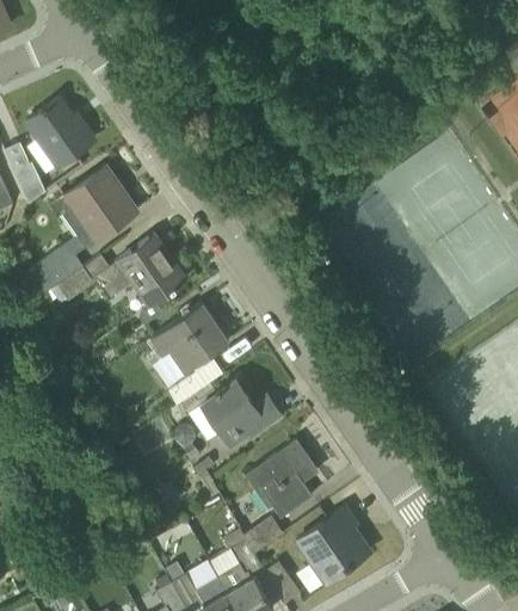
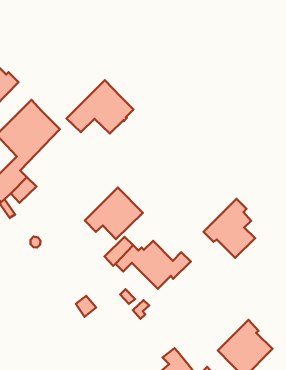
building: [95,235,186,307] -> [67,80,133,133]
building: [246,440,313,518] -> [204,199,255,258]
building: [243,517,283,554] -> none

